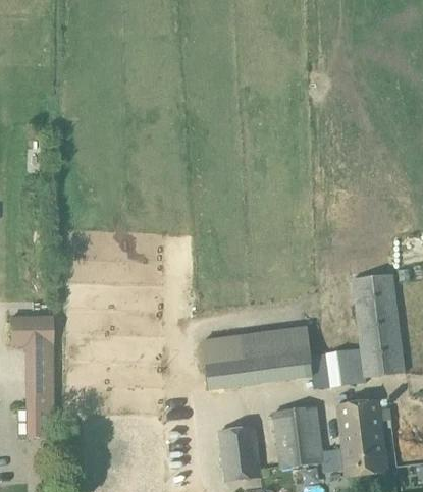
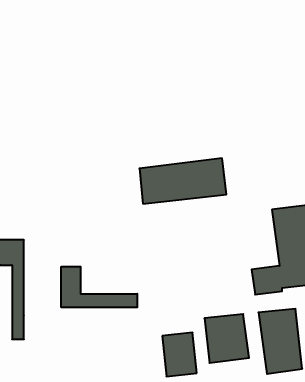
building: [203,331,308,386] -> [139,158,226,204]
building: none -> [61,267,137,307]

